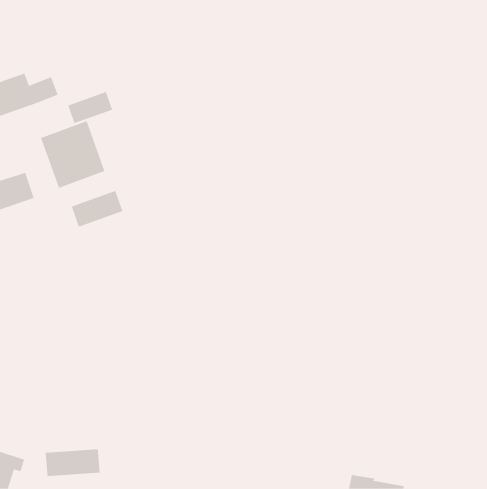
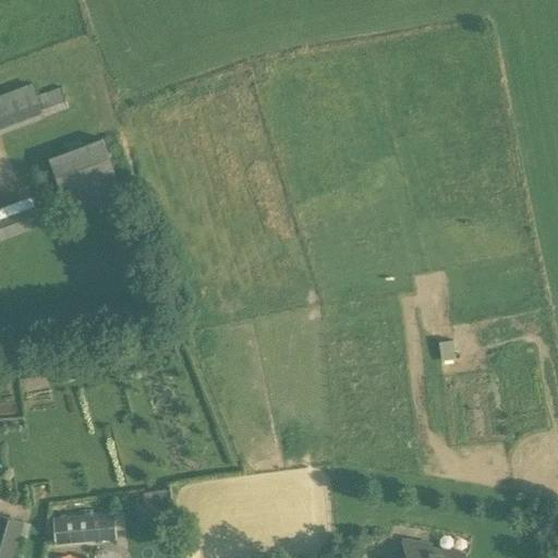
building: [68,91,113,124] -> none
building: [71,190,123,227] -> none

